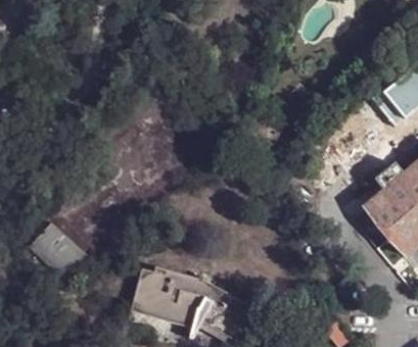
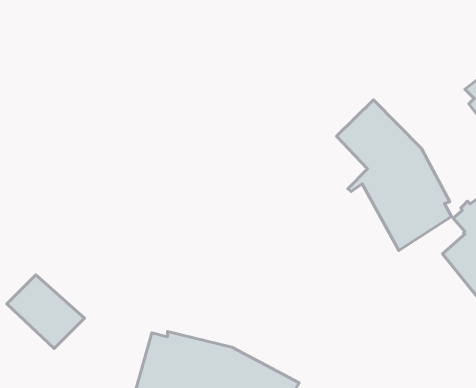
building: none -> [337,100,452,251]

